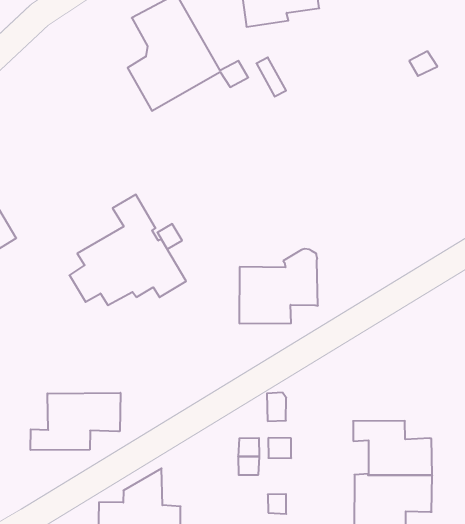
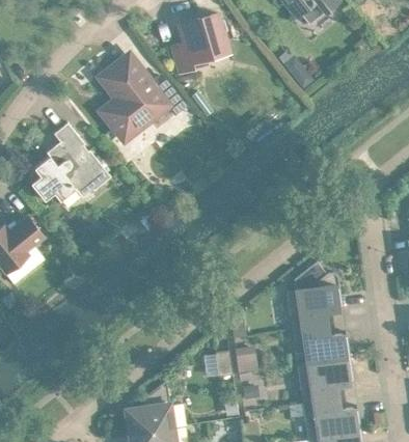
building: [69,195,186,305] -> [30,122,110,200]
building: [239,249,318,323] -> [285,272,343,329]
building: [31,393,120,450] -> none

